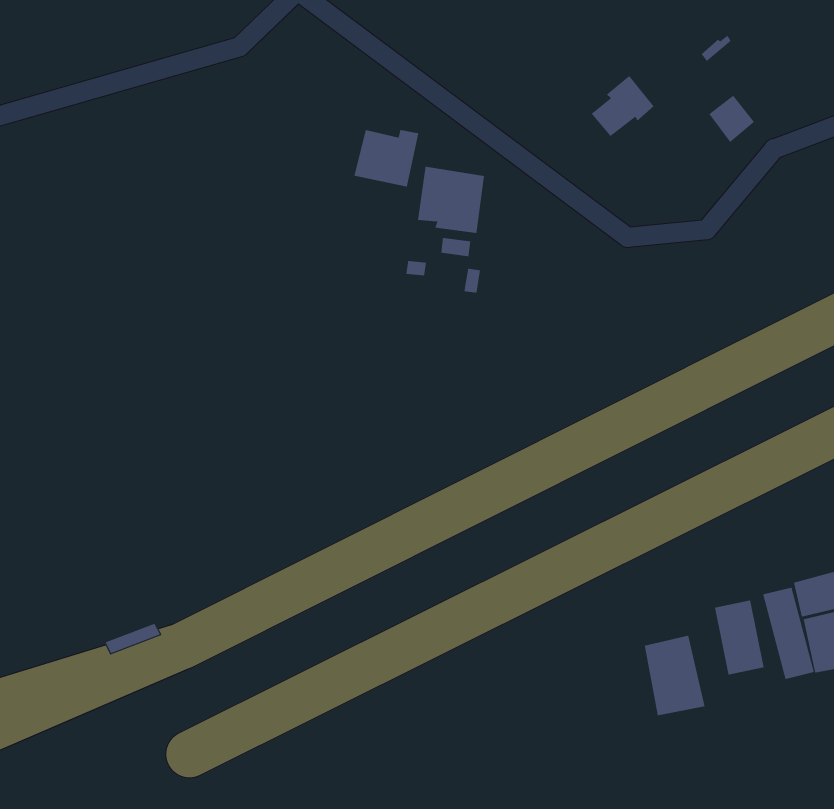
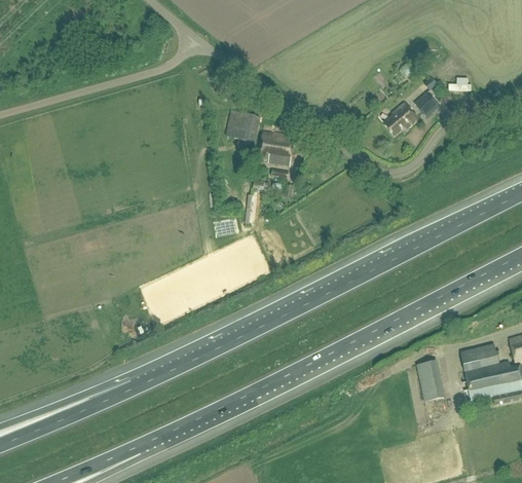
building: [591,75,655,137] -> [383,102,417,135]
building: [762,587,814,680] -> none
building: [644,635,705,716] -> none

